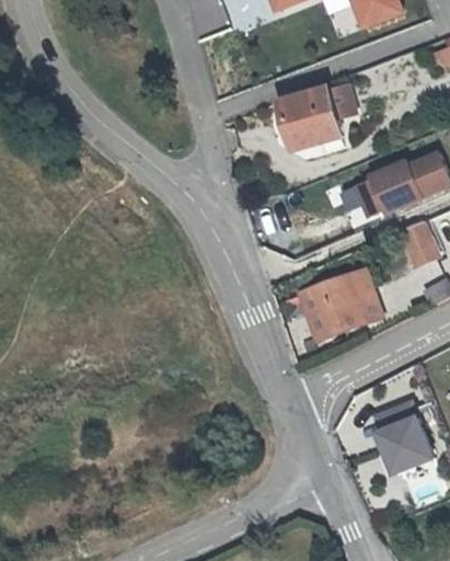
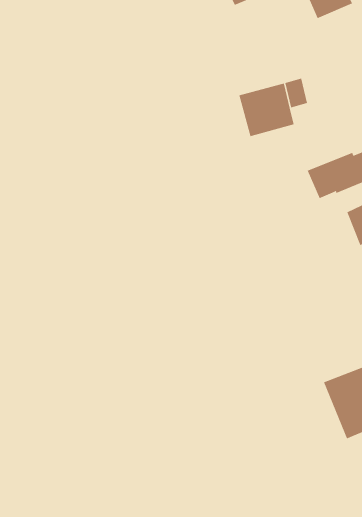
building: [299,270,379,340] -> none

